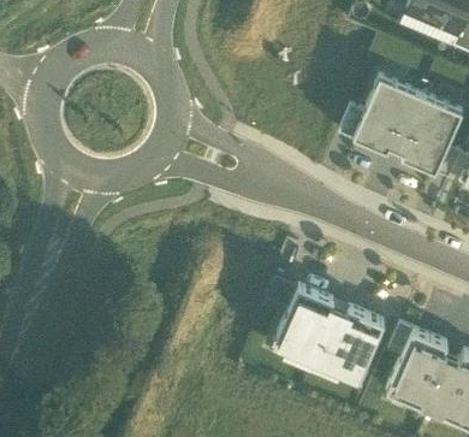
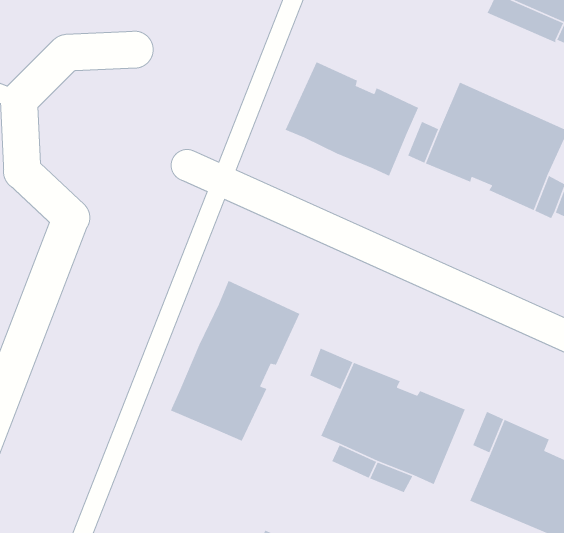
building: none -> [284,61,419,177]
building: none -> [170,280,301,442]

